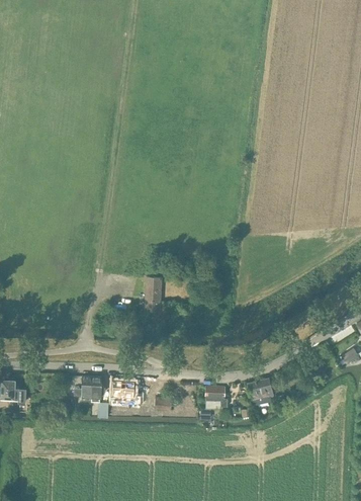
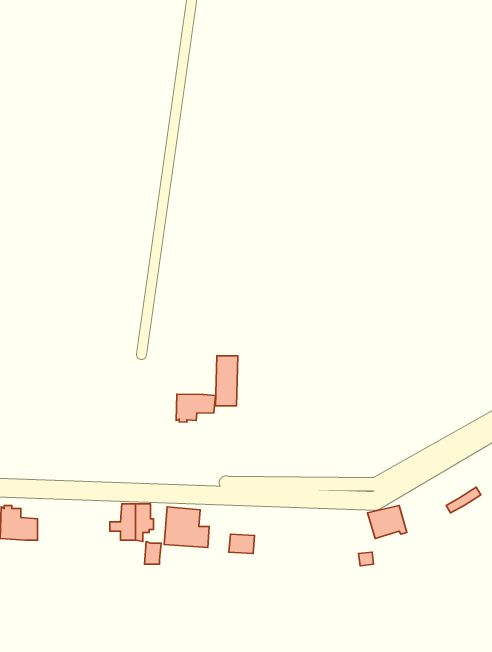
building: none -> [176,394,216,422]
building: [206,386,228,409] -> none

